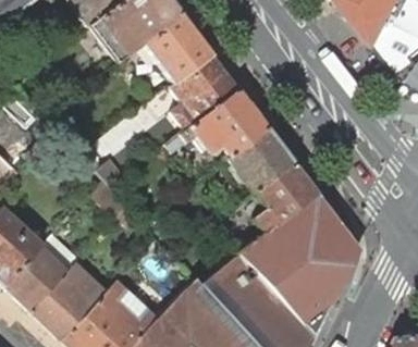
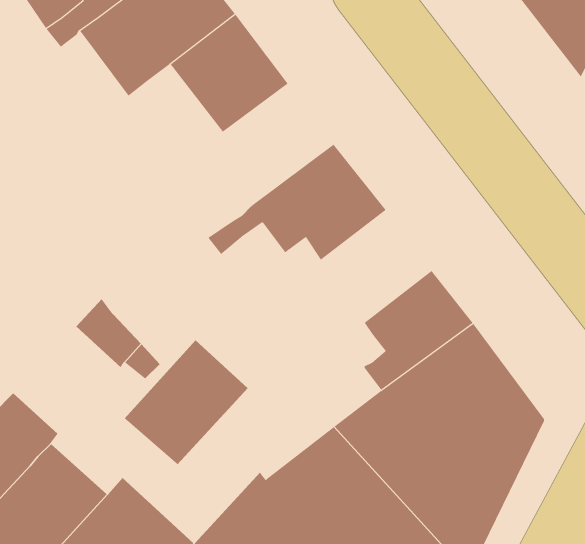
building: [167,52,234,128] -> none
building: [225,125,291,190] -> none
building: none -> [124,339,249,465]

